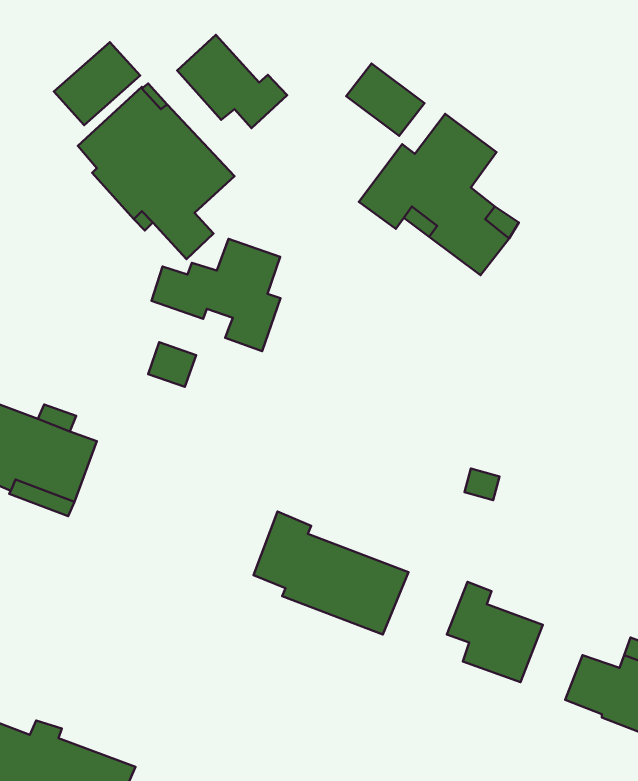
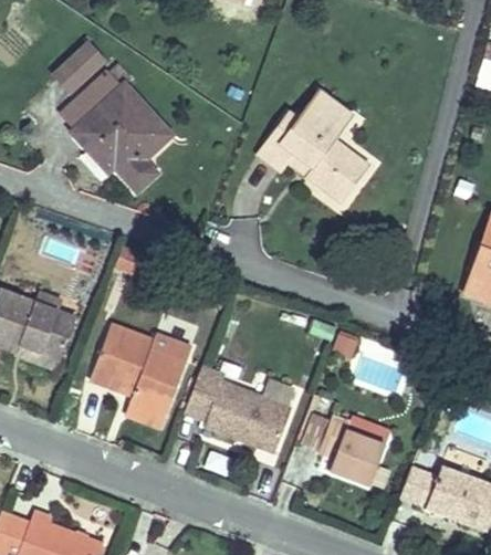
building: [177,35,287,128] -> none
building: [346,63,424,136] -> none
building: [151,239,280,351] -> none
building: none -> [91,324,191,416]

